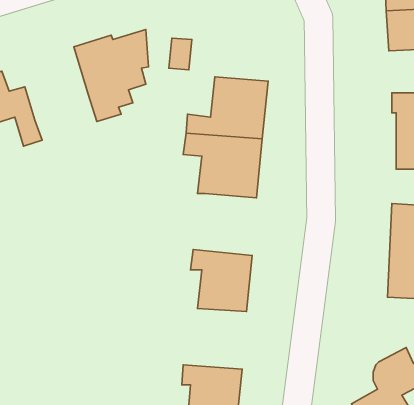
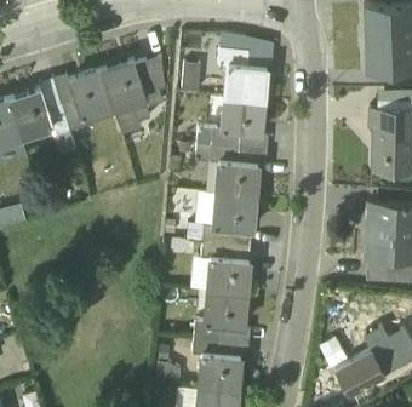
building: none -> [217,46,268,101]
building: none -> [61,71,114,133]
building: none -> [202,195,256,247]
building: none -> [194,292,247,343]

